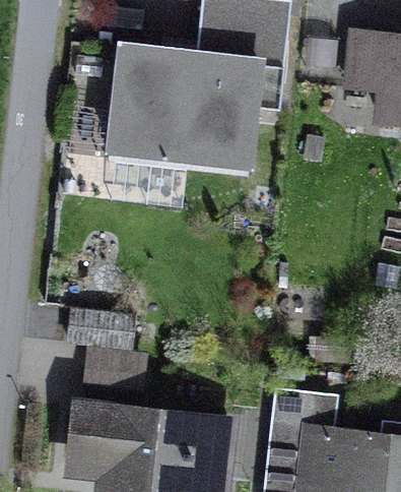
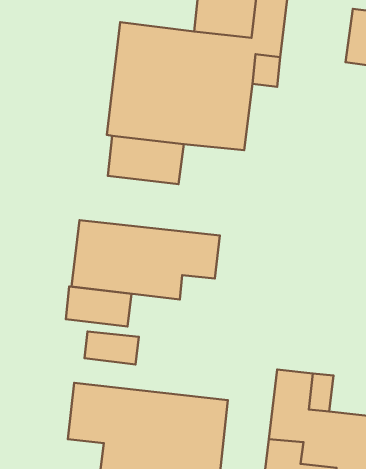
building: none -> [72,220,220,299]

